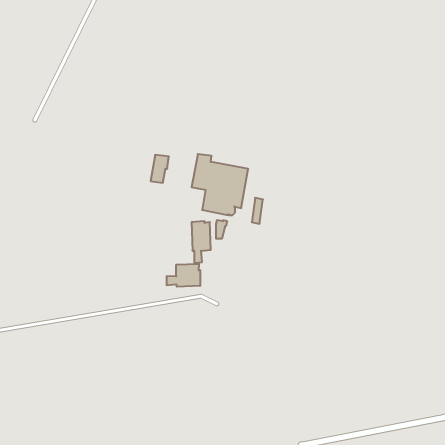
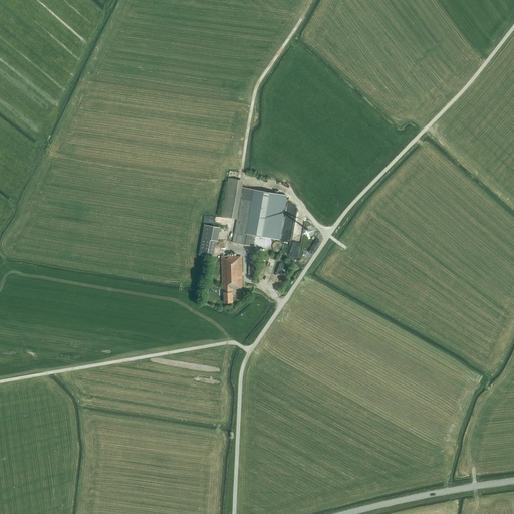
building: [151,155,169,183] -> [199,225,220,257]
building: [167,264,200,287] -> none

